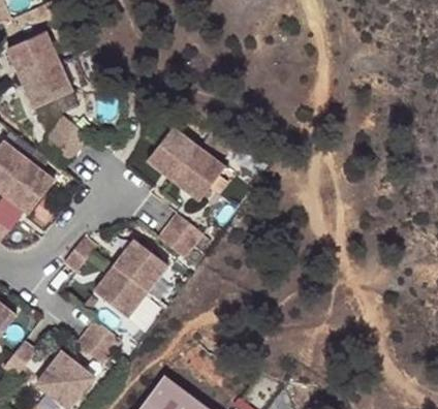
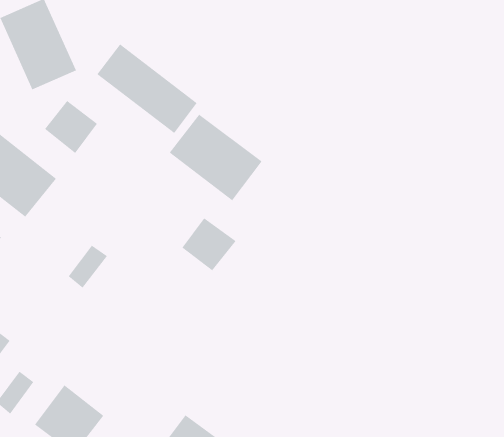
building: none -> [97,43,198,134]
building: [95,240,167,317] -> none
building: [76,319,122,365] -> none

